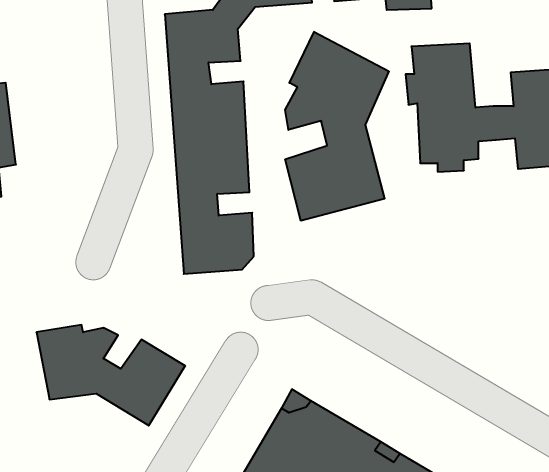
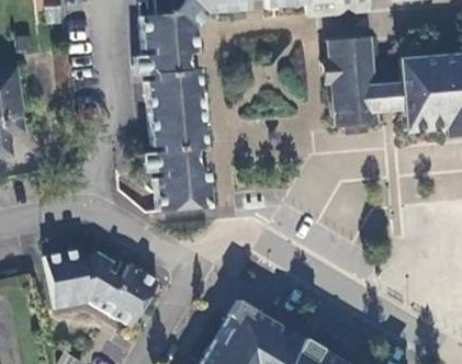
building: [285,32,389,221] -> none

